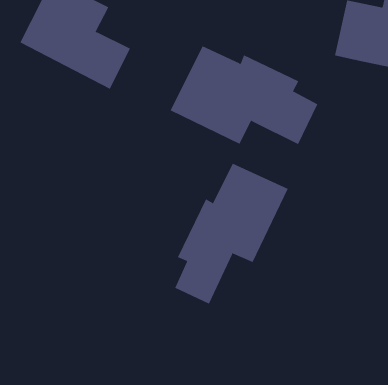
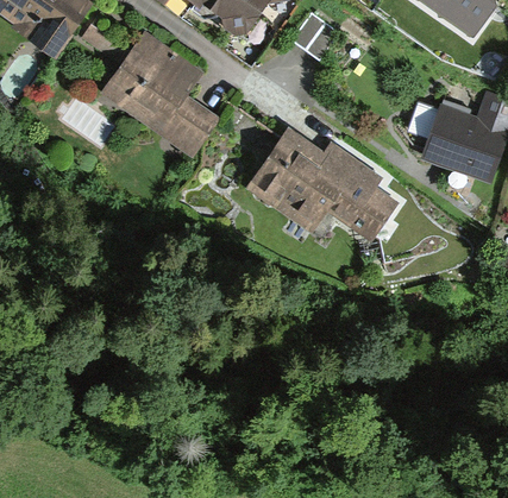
building: [175,163,288,305] -> none

